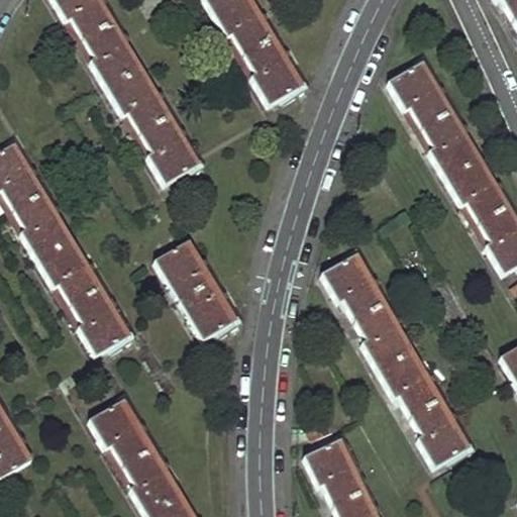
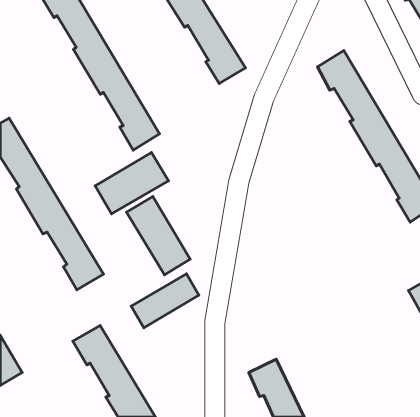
building: none -> [95,152,169,214]
building: [324,254,467,466] -> none
building: none -> [131,274,199,328]

